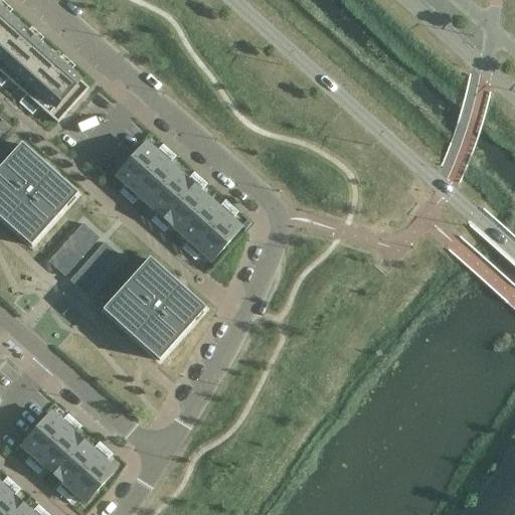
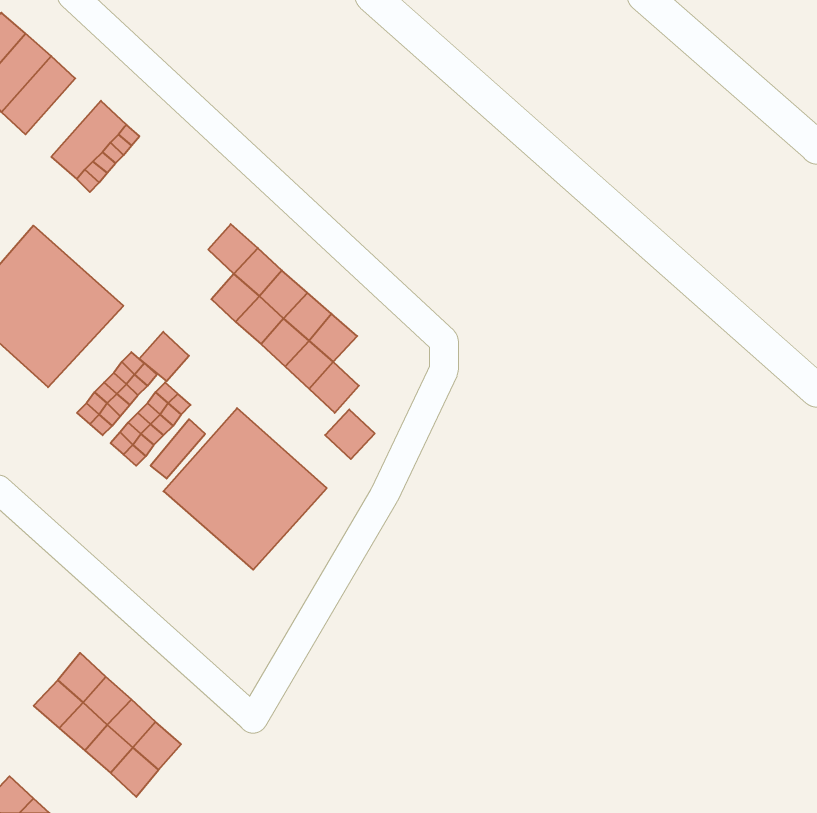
building: [16,49,63,99] -> none
building: [116,157,147,188] -> [139,332,189,381]
building: [209,211,240,242] -> [325,409,375,459]

